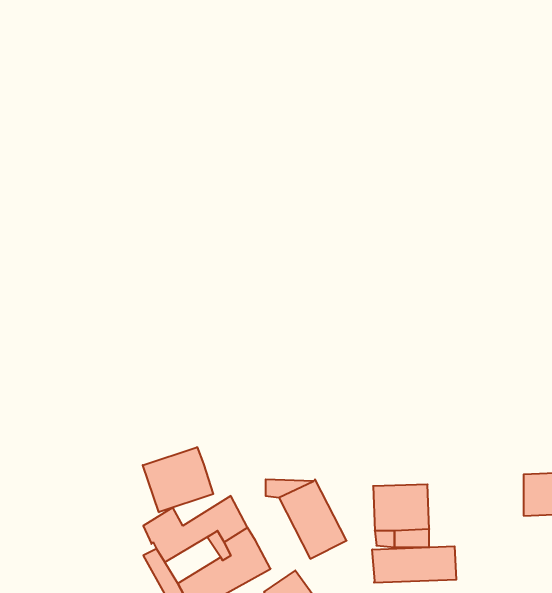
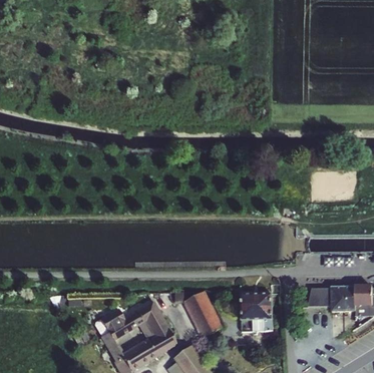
building: [143,447,213,512] -> none
building: none -> [308,288,331,308]
building: [372,546,456,583] -> none

